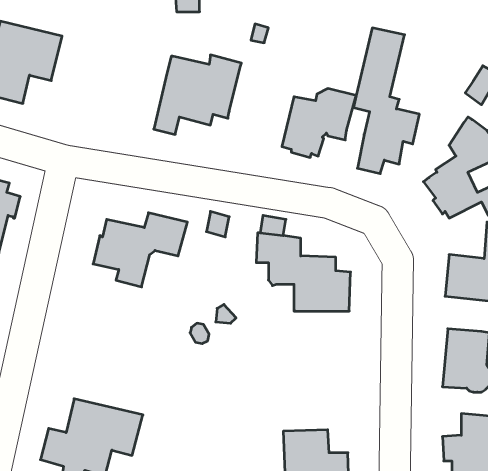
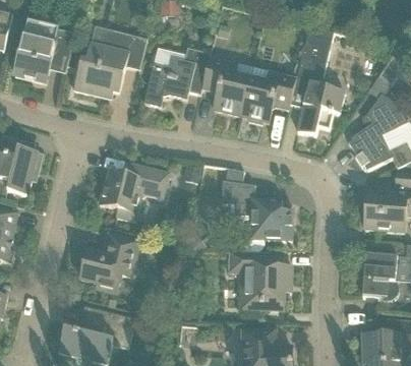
building: none -> [73,24,146,97]
building: none -> [200,55,249,115]
building: none -> [80,233,138,291]
building: none -> [227,249,290,309]

